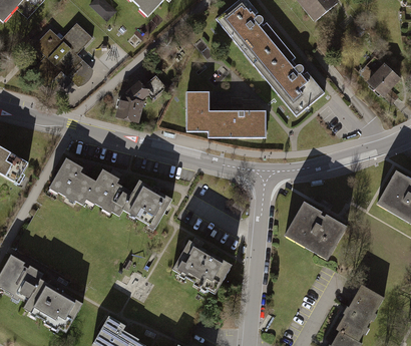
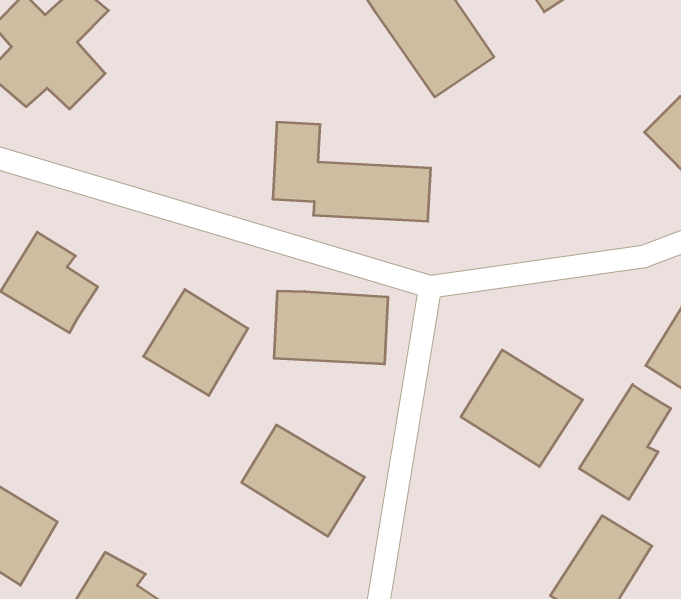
building: [261,49,328,122] -> none
building: [114,70,163,120] -> none
building: [86,163,133,211] -> none
building: none -> [274,291,388,364]
building: none -> [579,384,671,499]

